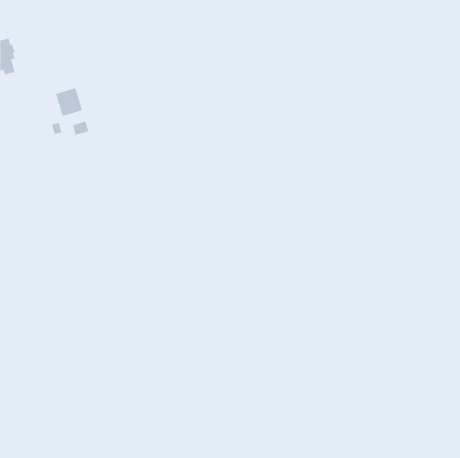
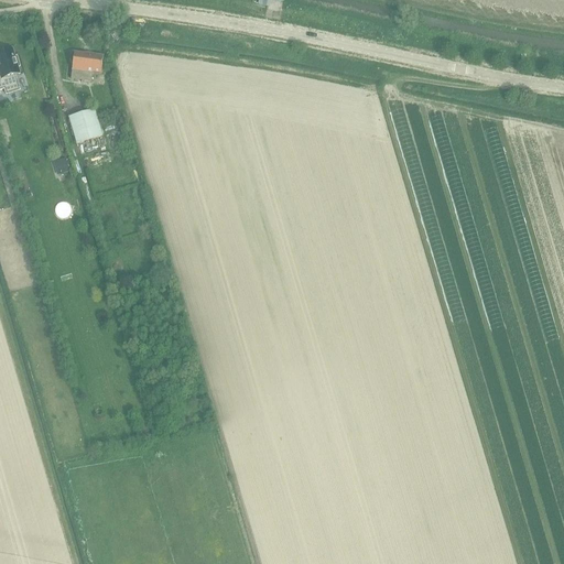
building: none -> [69,50,102,78]

